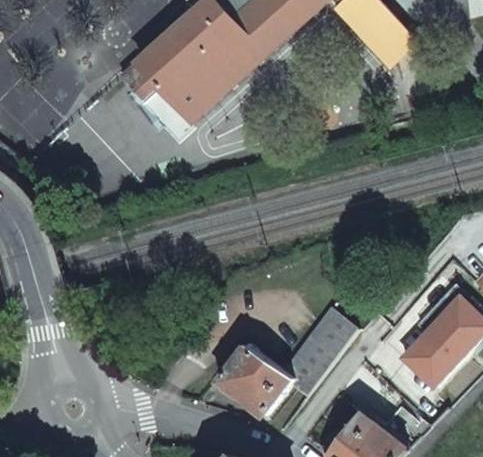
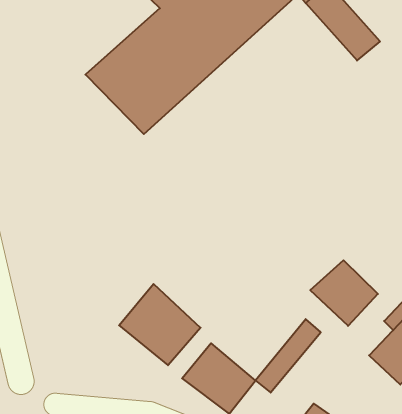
building: none -> [310,260,378,326]
building: none -> [119,284,201,365]

